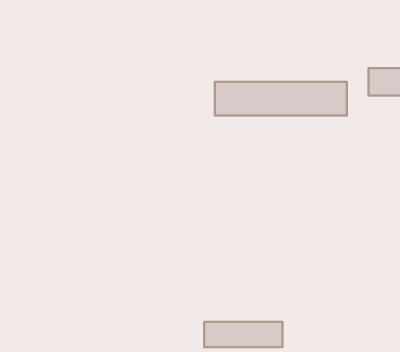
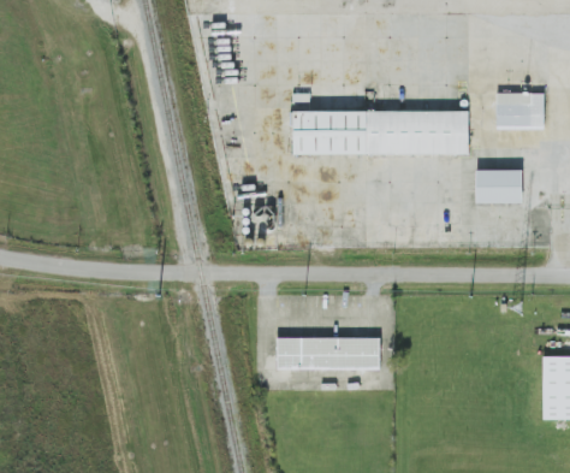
building: none -> [474,170,521,205]
building: [204,322,283,347] -> [275,336,379,369]

